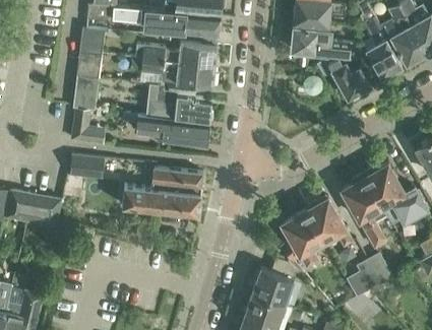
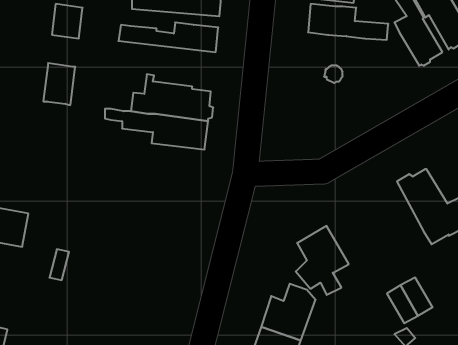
building: [317,45,376,100] -> none
building: [76,53,102,79] -> none
building: [130,58,214,87] -> none
building: [71,108,105,144] -> none
building: [69,154,104,180] -> none
building: [122,169,202,214] -> none
building: [342,174,386,248] -> none
building: [306,198,352,246] -> none

